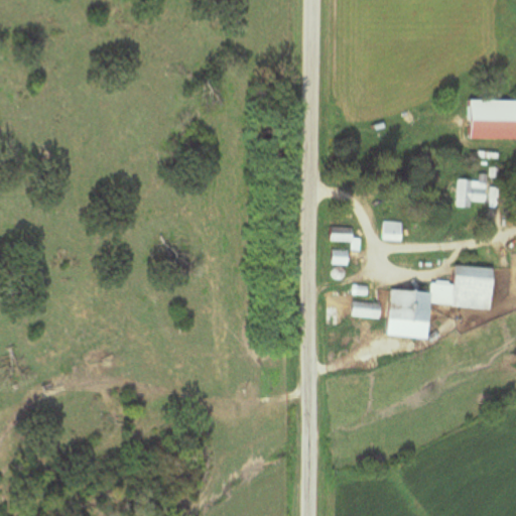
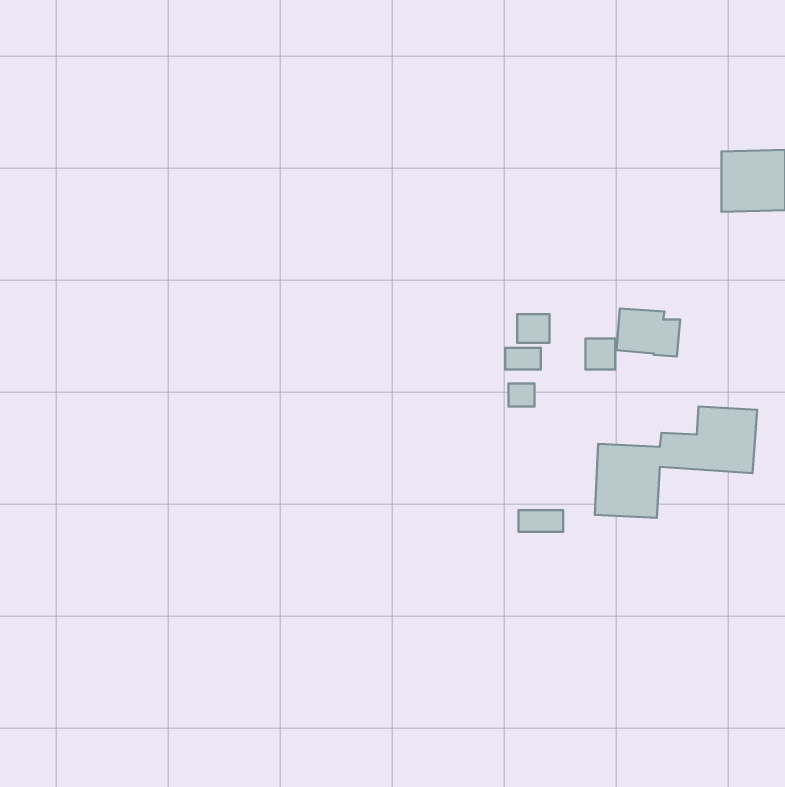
building: [455,177,496,209] -> [617,309,680,356]
building: none -> [517,314,550,343]
building: [352,302,381,316] -> [518,510,563,532]

